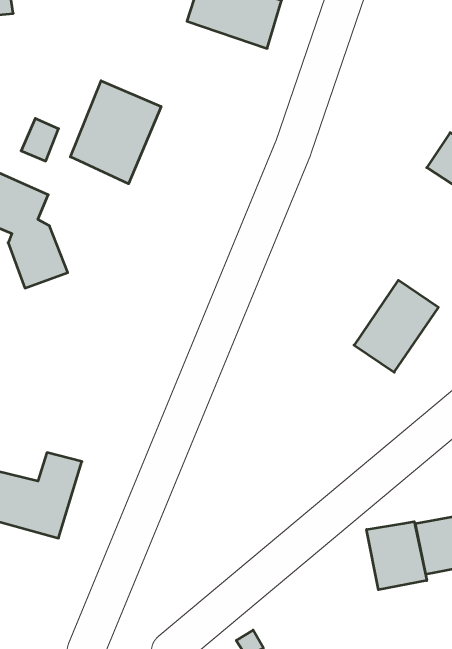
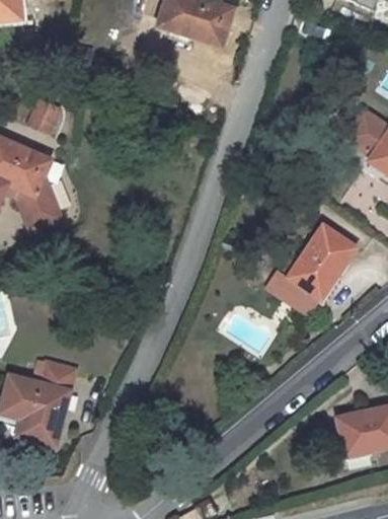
building: [70,81,161,184] -> none
building: none -> [263,270,320,319]
building: [367,522,427,590] -> none

